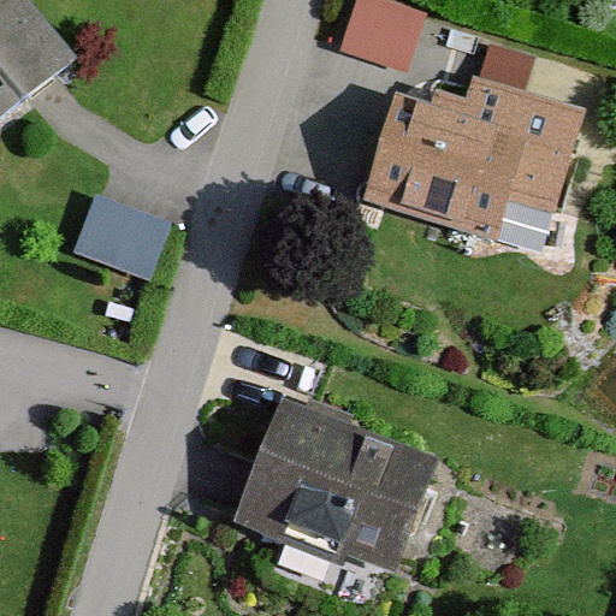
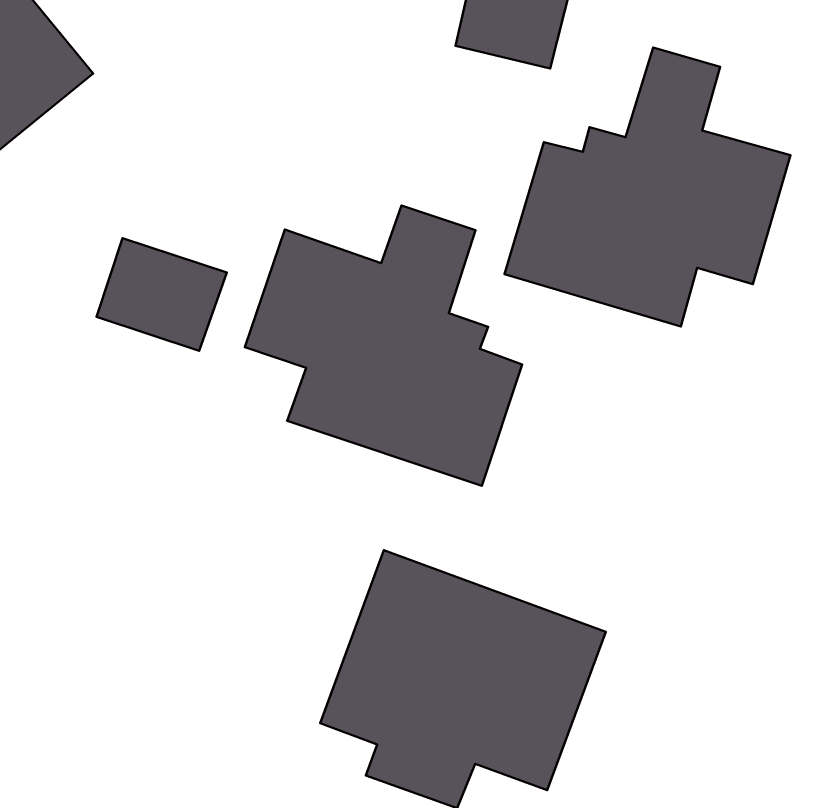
building: none -> [245,205,522,486]

